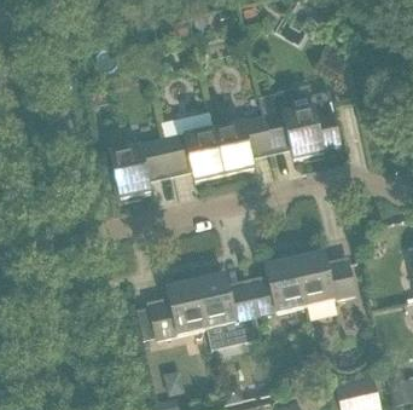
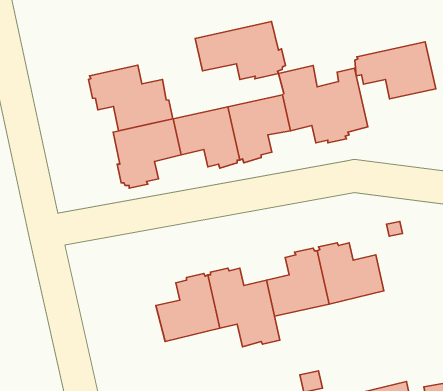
building: none -> [195,22,285,79]
building: none -> [355,42,436,99]
building: none -> [89,65,173,131]

